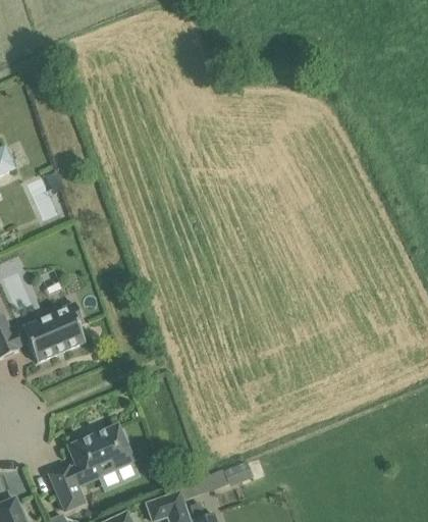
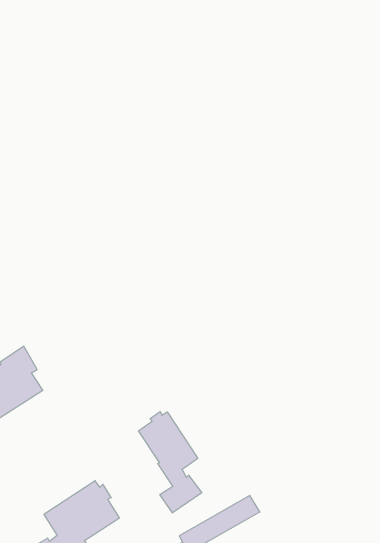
building: none -> [138,411,202,513]

